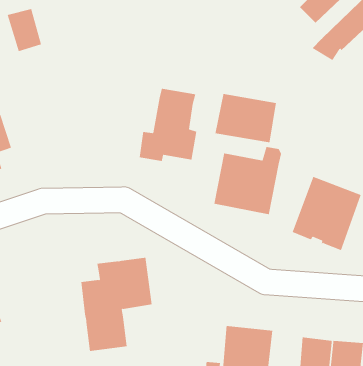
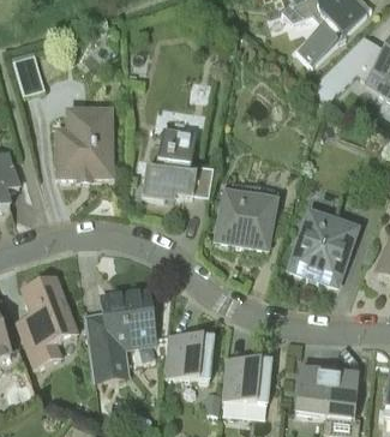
building: none -> [56,110,112,181]
building: [215,93,276,143] -> none
building: none -> [17,277,77,366]
building: none -> [164,333,214,379]

